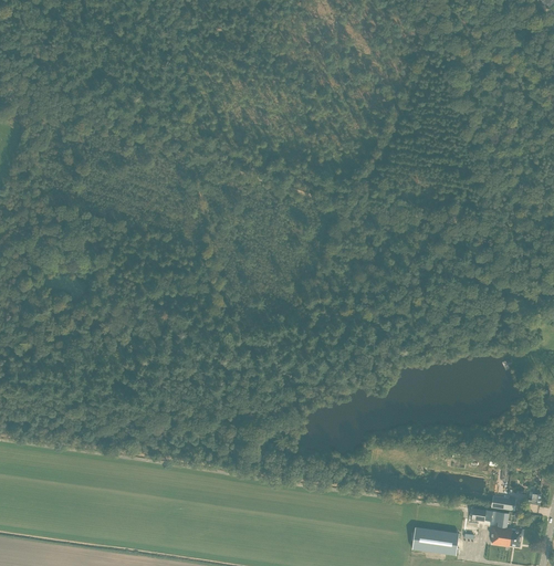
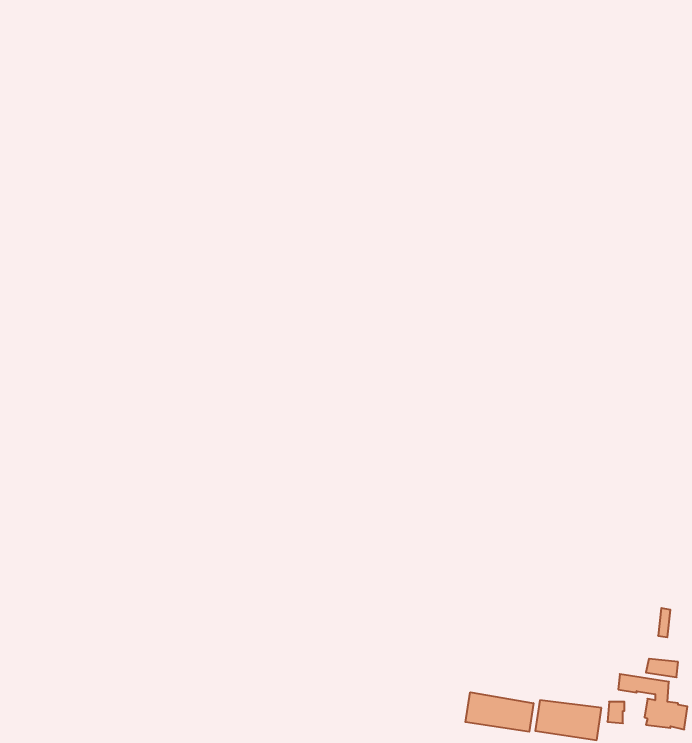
building: none -> [465,692,533,732]

